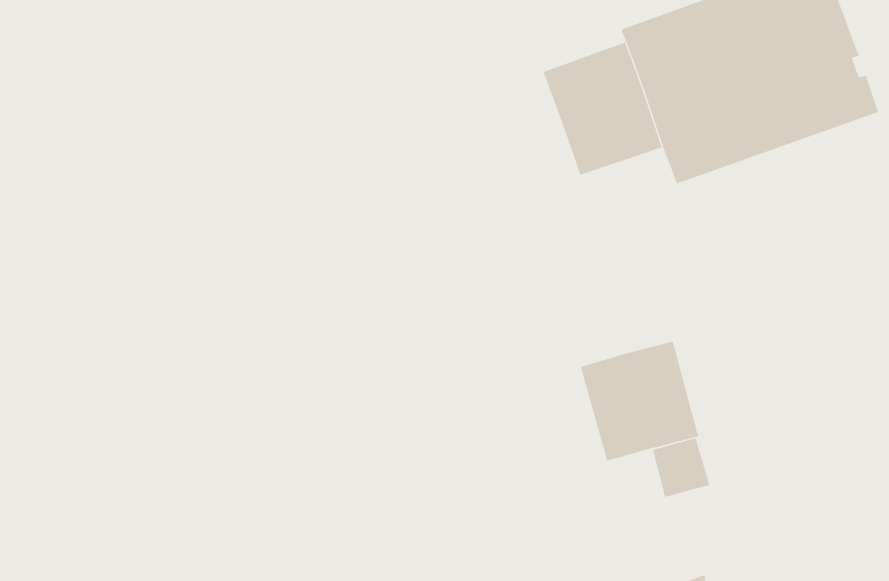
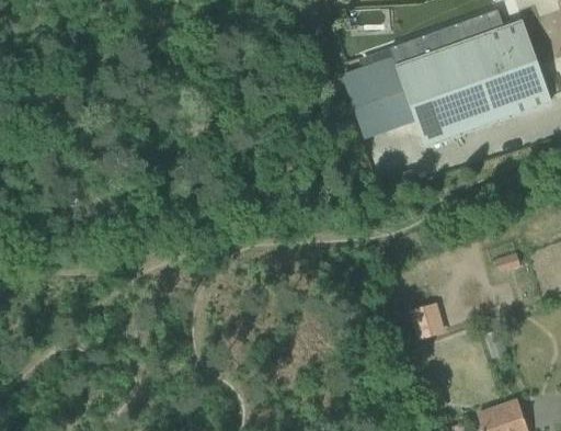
building: [580,341,699,462] -> none

